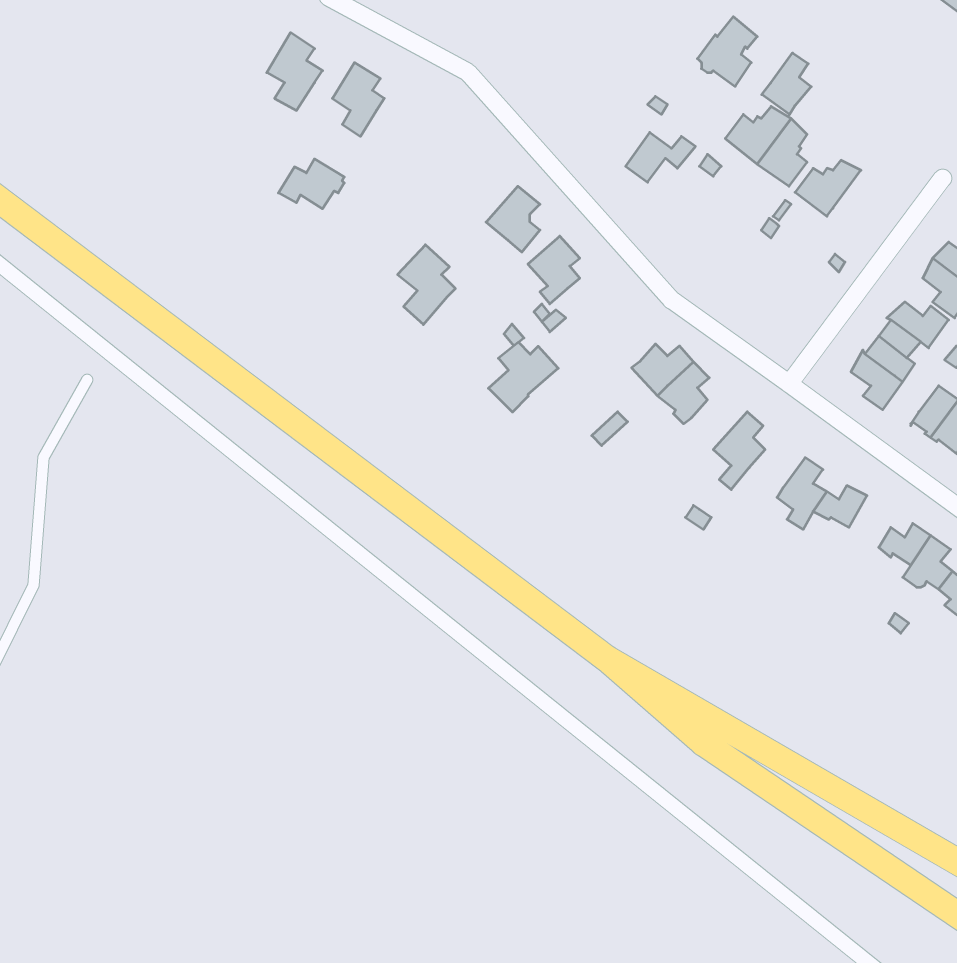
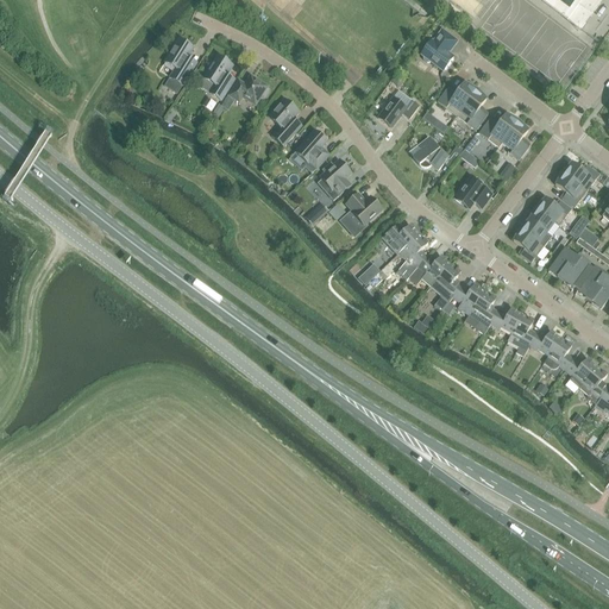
building: [762,53,811,115] -> none
building: [278,159,344,209] -> [228,74,268,103]
building: none -> [502,119,528,158]
building: none -> [413,136,448,169]
building: [398,245,455,325] -> [268,98,302,145]
building: none -> [454,176,492,208]
building: [488,342,558,412] -> [340,193,382,234]
building: none -> [408,255,451,285]
building: none -> [452,282,485,314]
building: none -> [508,313,536,356]

